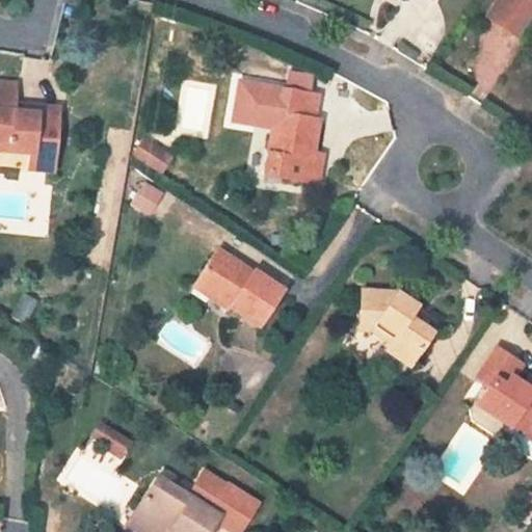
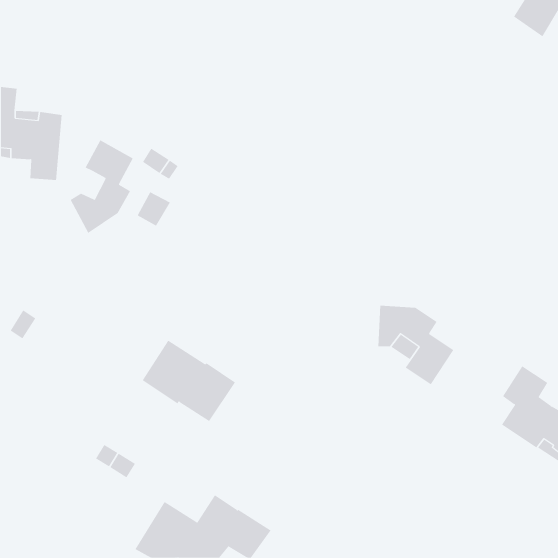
building: [234,81,322,182] -> none
building: none -> [70,140,134,234]
building: [194,248,284,326] -> [142,340,236,422]

